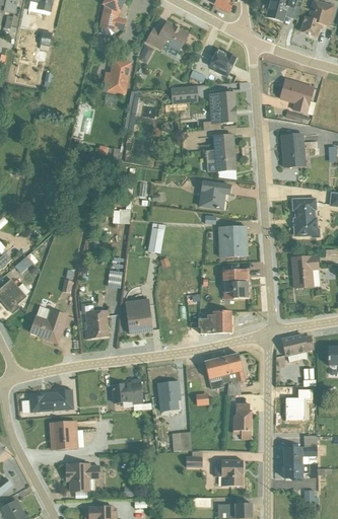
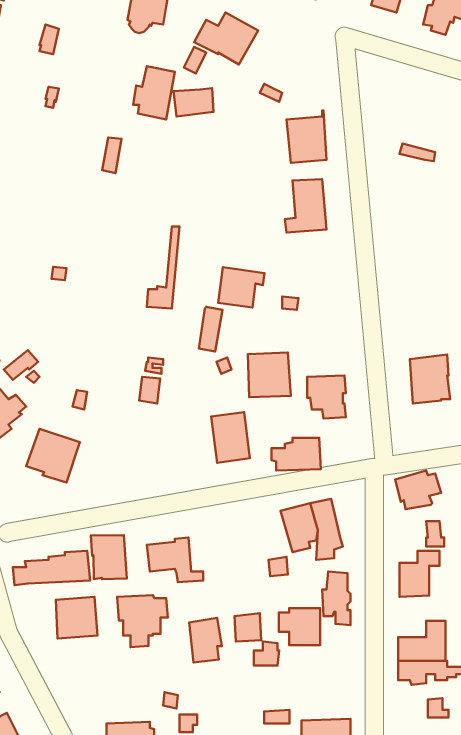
building: [209,51,234,76] -> none
building: [279,79,315,115] -> none
building: [170,85,197,104] -> [173,88,214,116]
building: [280,133,306,166] -> none
building: [198,181,229,209] -> [218,267,264,307]
building: [291,198,320,237] -> none
building: [217,226,247,256] -> [248,353,291,397]
building: [125,298,151,332] -> [211,412,250,463]
building: [80,302,109,338] -> none
building: none -> [91,535,127,579]
building: [157,380,180,411] -> [189,618,222,663]
building: [213,459,242,485] -> [279,608,320,645]
building: [65,462,99,498] -> [117,595,168,647]

